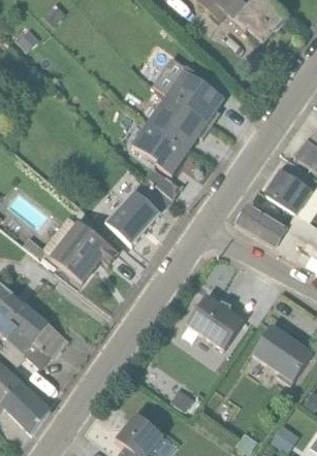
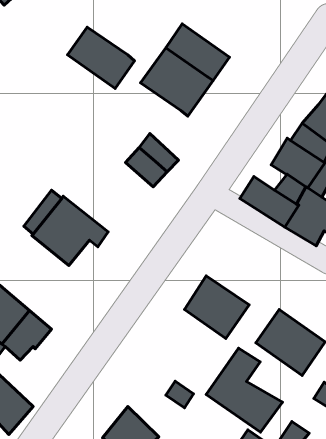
building: [130,121,190,175] -> [68,27,135,88]
building: [106,192,161,247] -> none
building: none -> [206,348,282,432]

